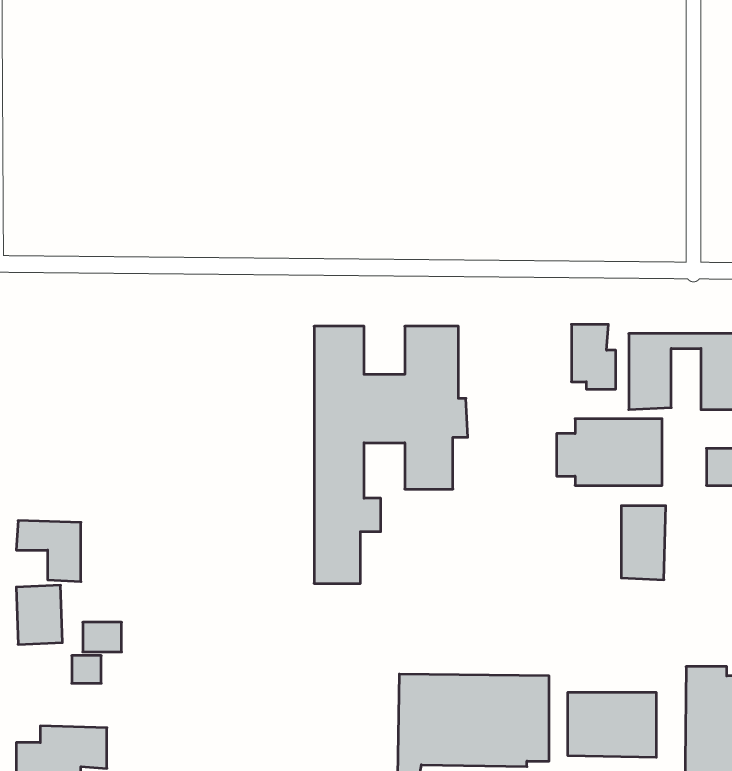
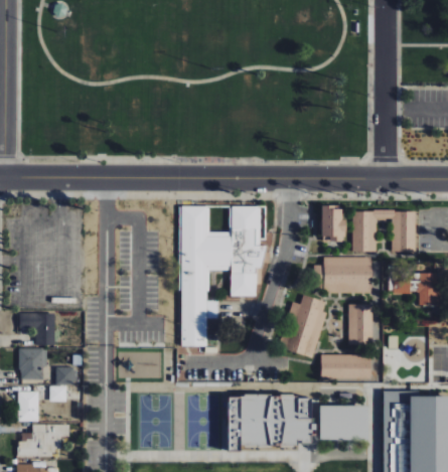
building: none -> [279,295,326,357]
building: none -> [320,353,370,377]
building: none -> [18,390,38,421]

